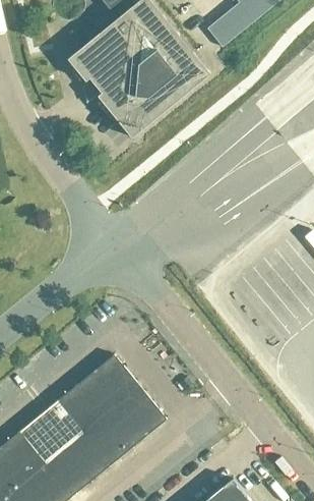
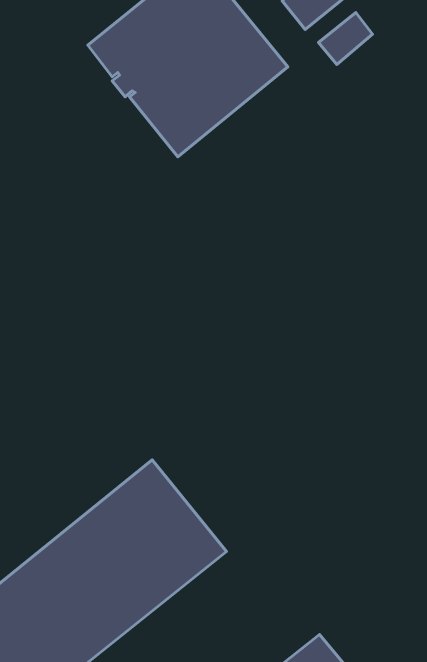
building: none -> [319,12,373,64]

